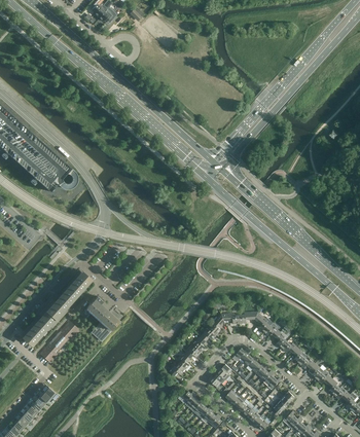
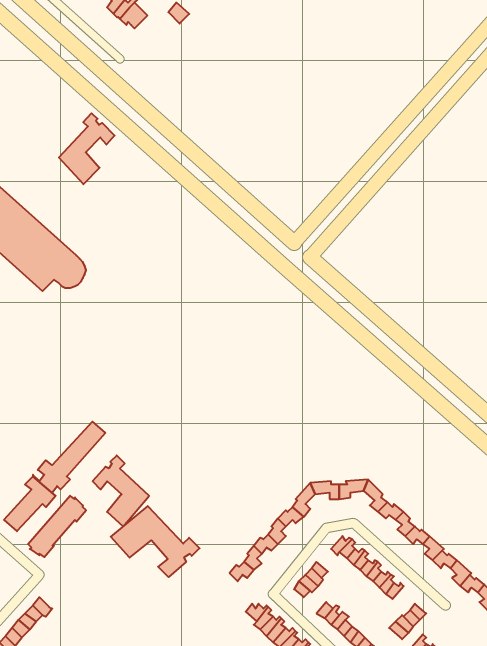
building: none -> [59,113,115,184]
building: none -> [111,506,200,577]

